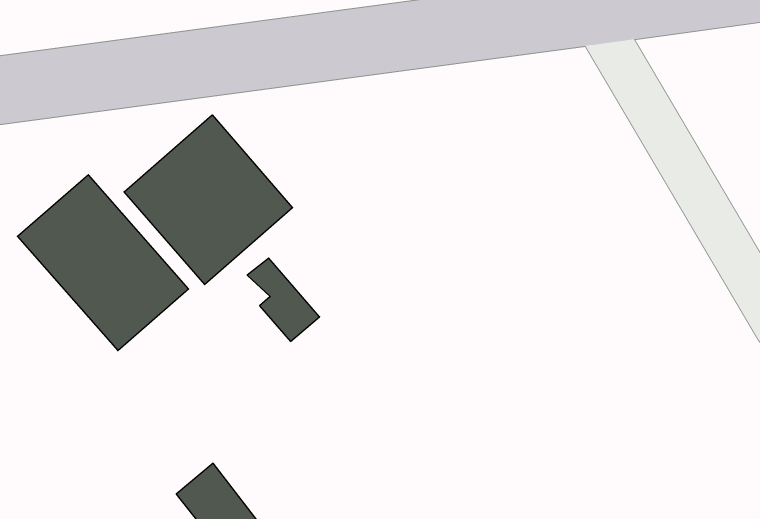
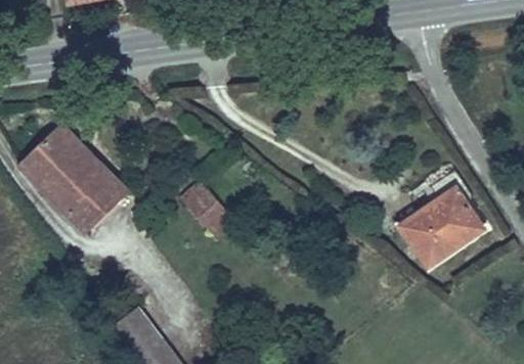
building: [124,115,293,285] -> none
building: none -> [403,193,481,262]

